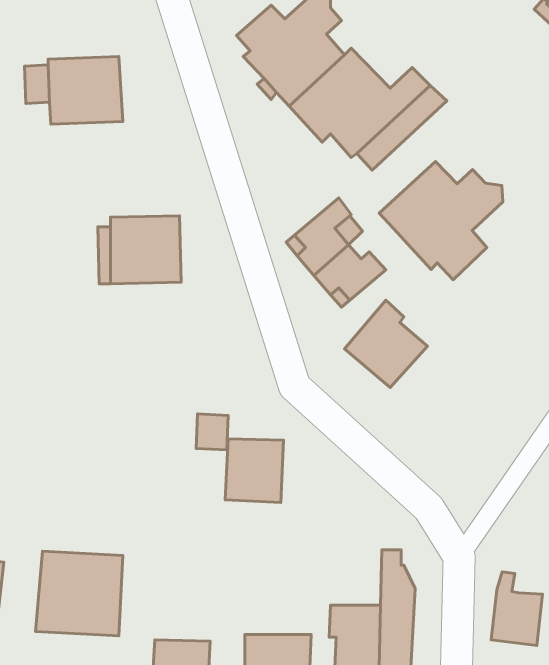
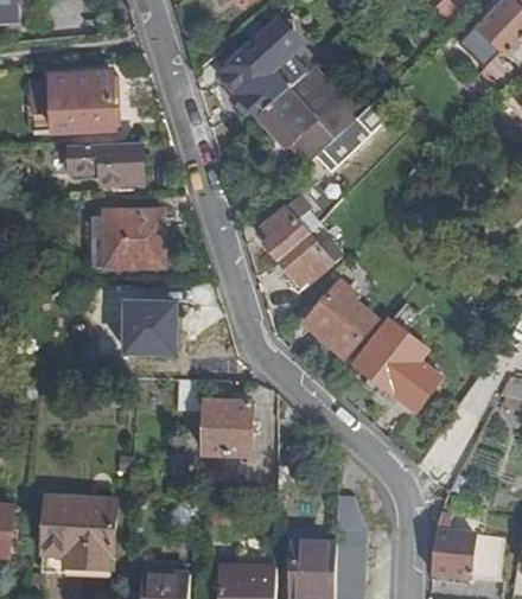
building: none -> [69,142,144,184]
building: [379,161,503,280] -> none
building: none -> [125,302,177,353]
building: none -> [354,320,441,413]

